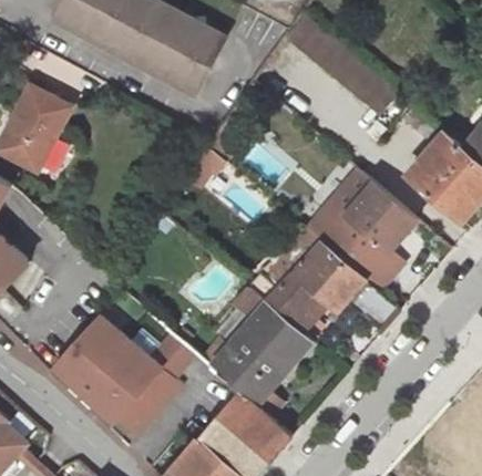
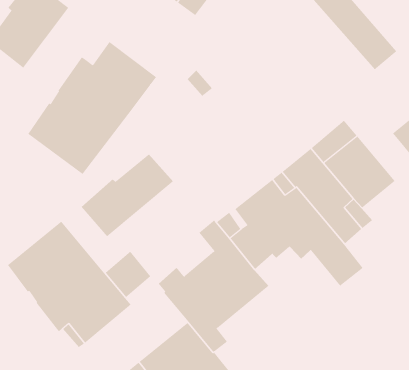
building: none -> [27,41,157,175]
building: none -> [81,153,174,237]

